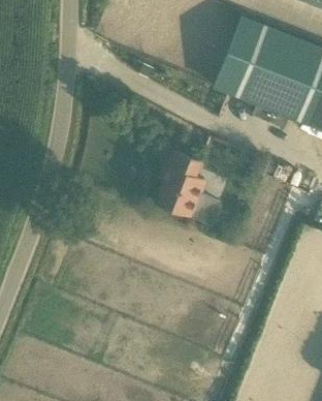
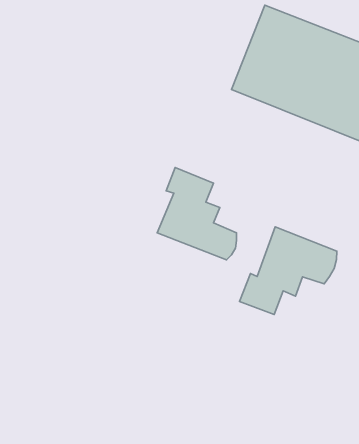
building: none -> [239,227,337,315]

